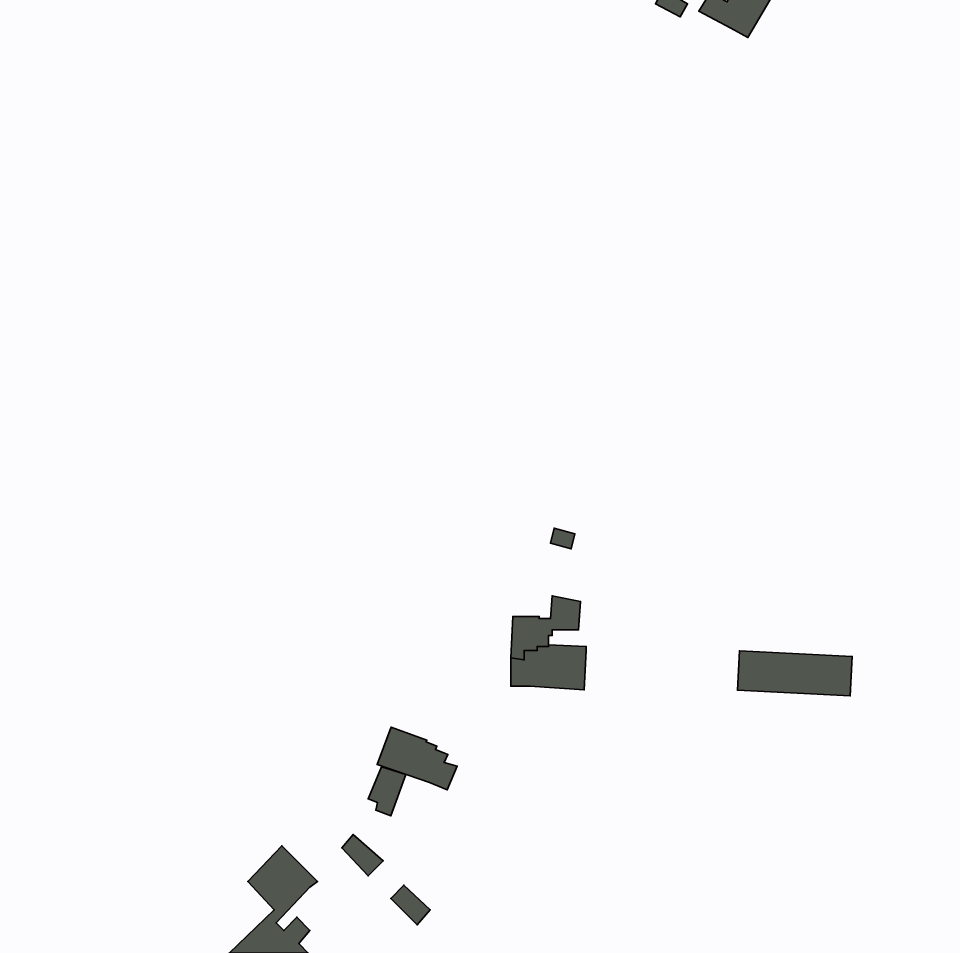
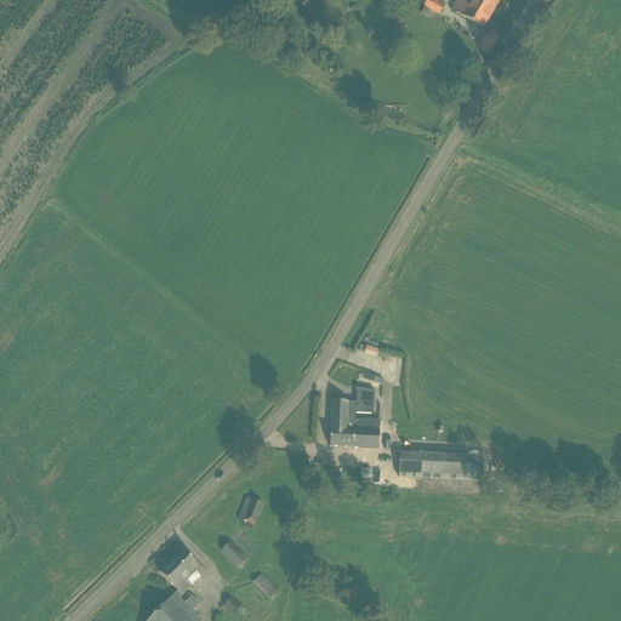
building: [738,651,852,696] -> [398,449,472,478]
building: [377,727,457,790] -> none

